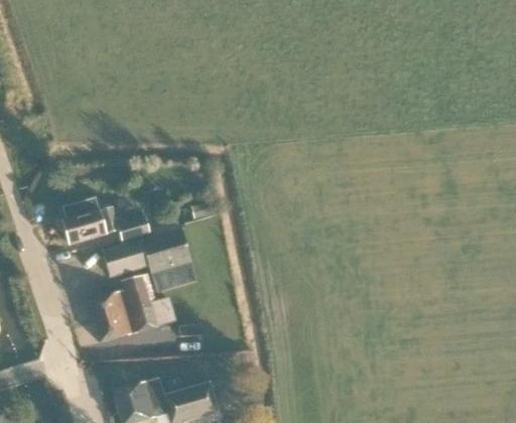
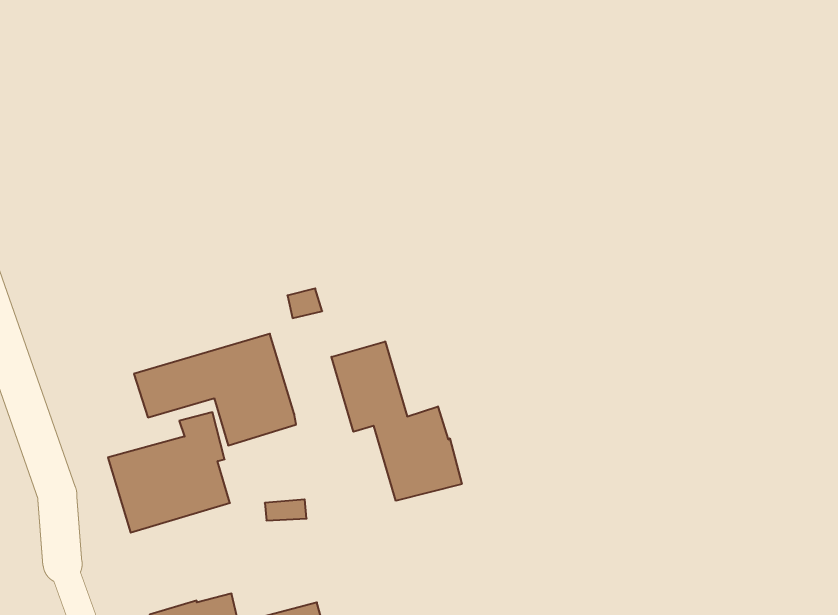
building: [62,205,150,243] -> none
building: none -> [331,341,462,501]

